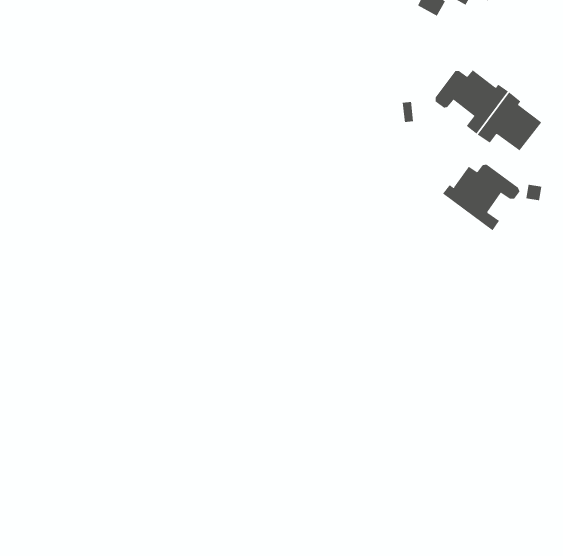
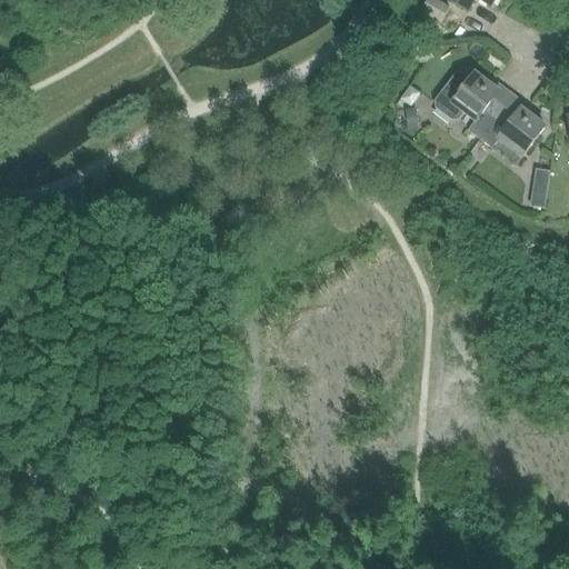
building: [442,164,520,231] -> none

